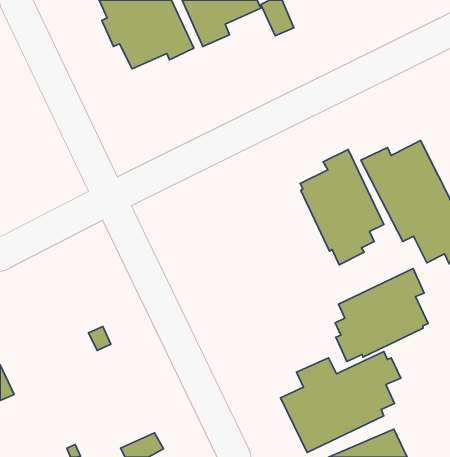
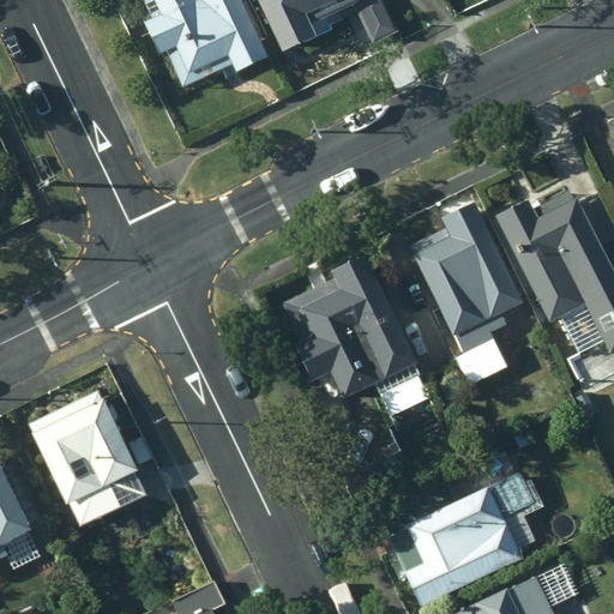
building: none -> [284,255,427,398]
building: [335,269,428,362] -> none
building: none -> [30,392,148,526]

